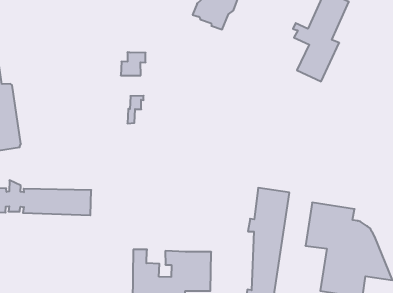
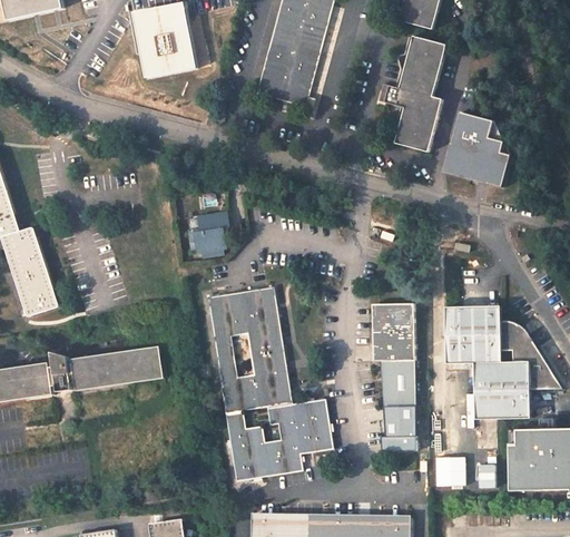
building: [121,52,146,75] -> [197,215,228,250]
building: none -> [444,115,511,191]
building: none -> [208,285,294,412]

